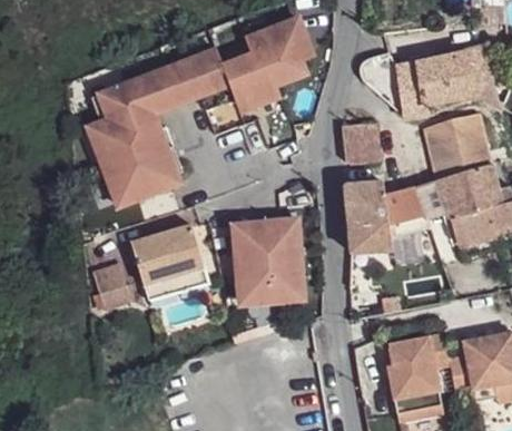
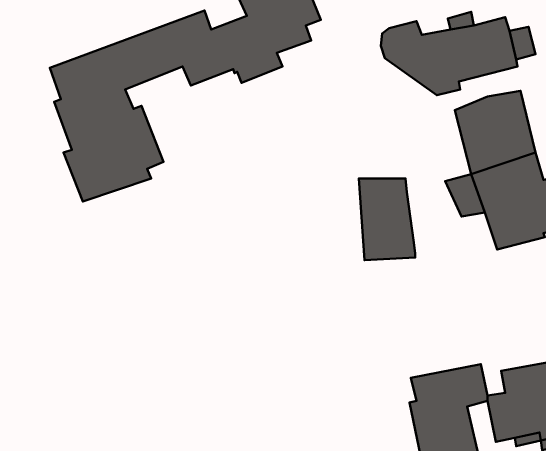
building: [342,123,380,166] -> none
building: [383,186,430,236] -> none
building: [232,205,303,296] -> none
building: [97,222,209,310] -> none

